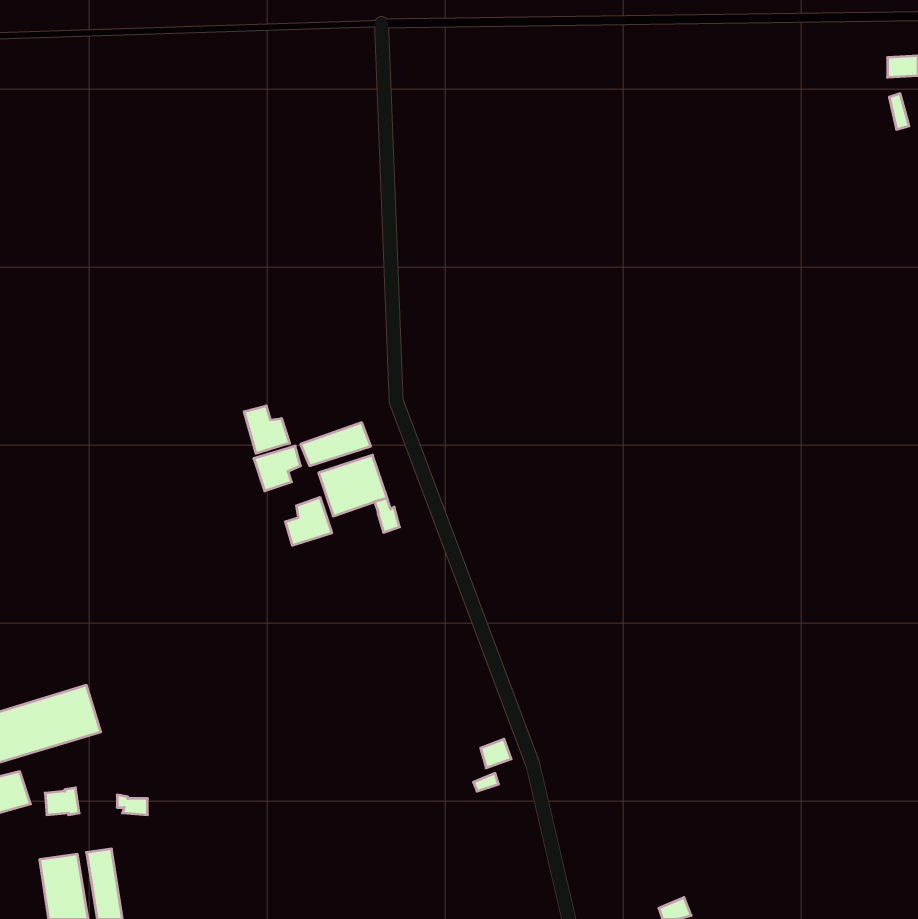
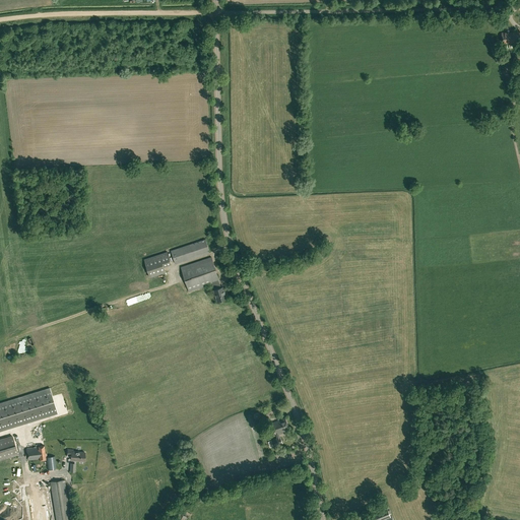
building: [244,406,290,453] -> none
building: [285,497,332,545] -> none

